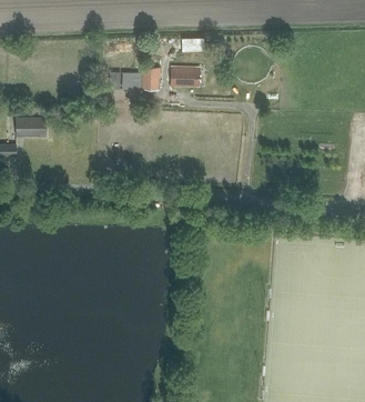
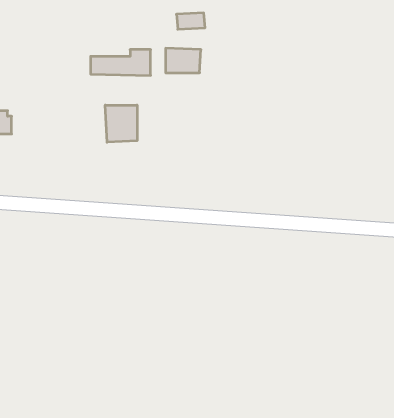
building: none -> [105,105,137,142]

